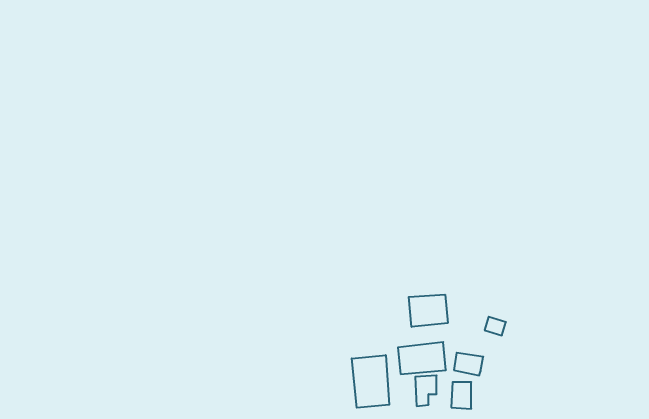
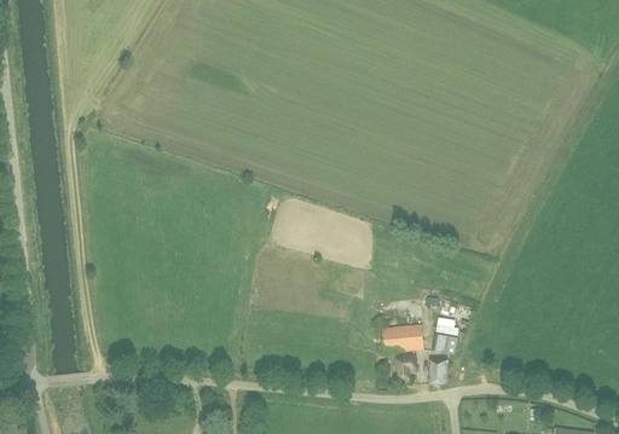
building: [409,295,448,327] -> none
building: [352,355,389,408] -> none

